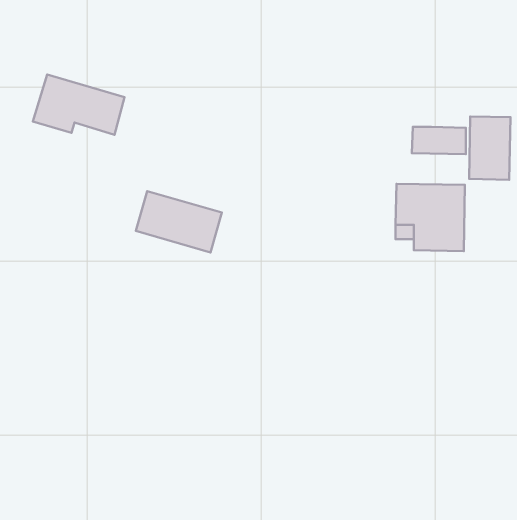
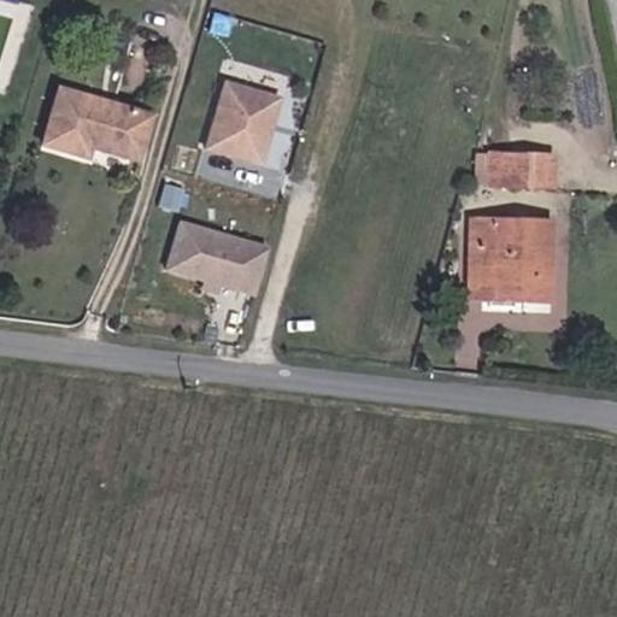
building: none -> [204,82,278,165]
building: [469,116,510,180] -> none

